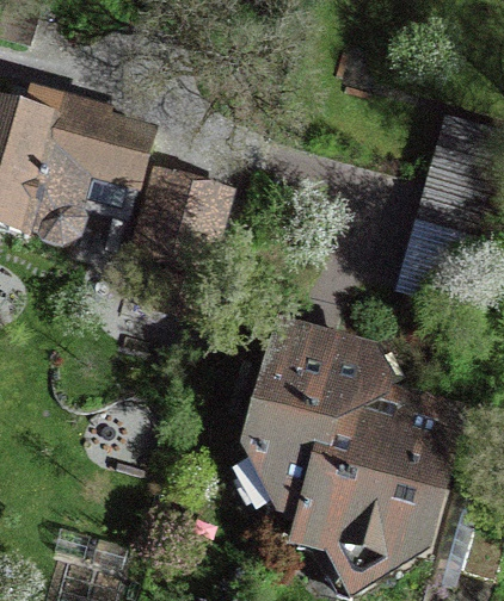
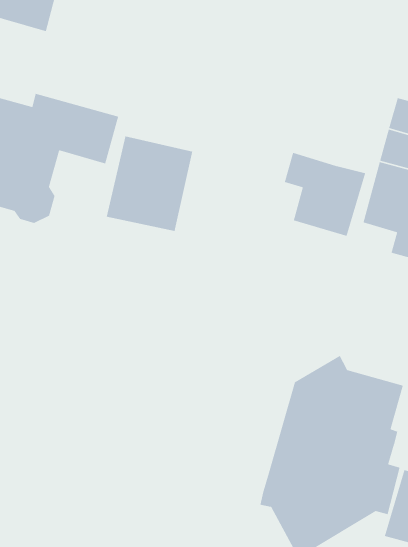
building: none -> [284,152,366,237]
building: [238,332,383,507] -> none

